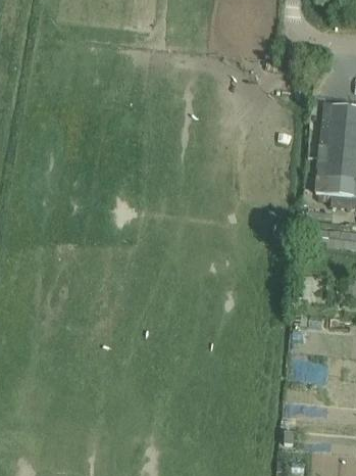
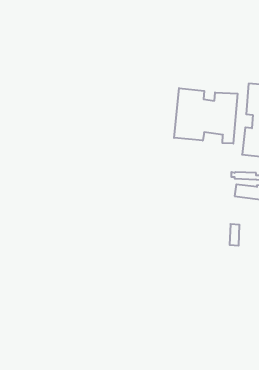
building: none -> [174,88,238,144]

